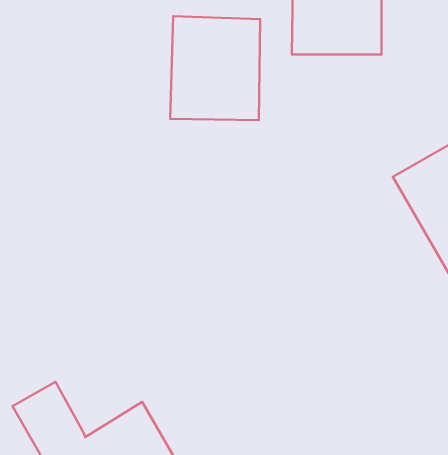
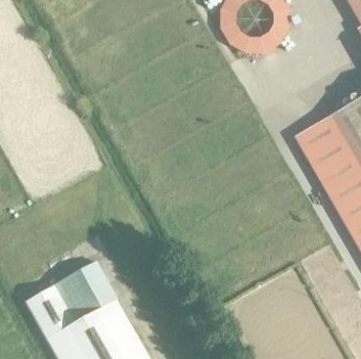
building: [170,16,260,120] -> none
building: none -> [54,259,118,320]

